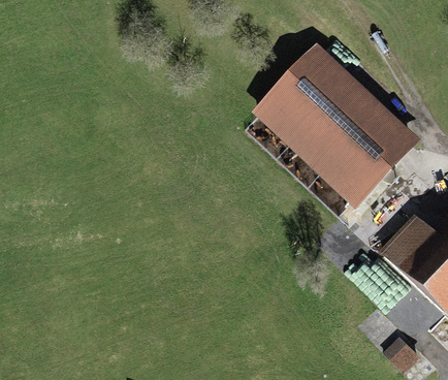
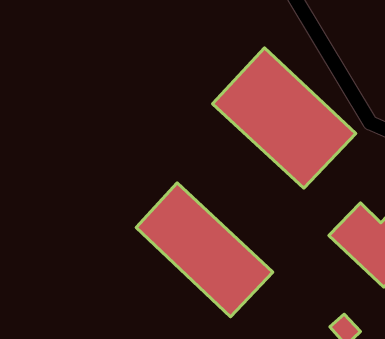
building: none -> [136,183,273,317]

